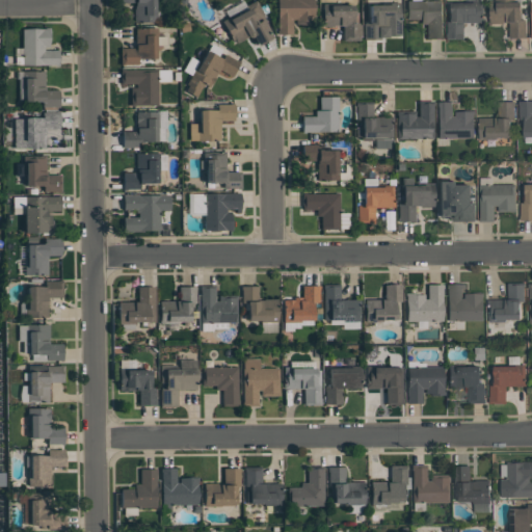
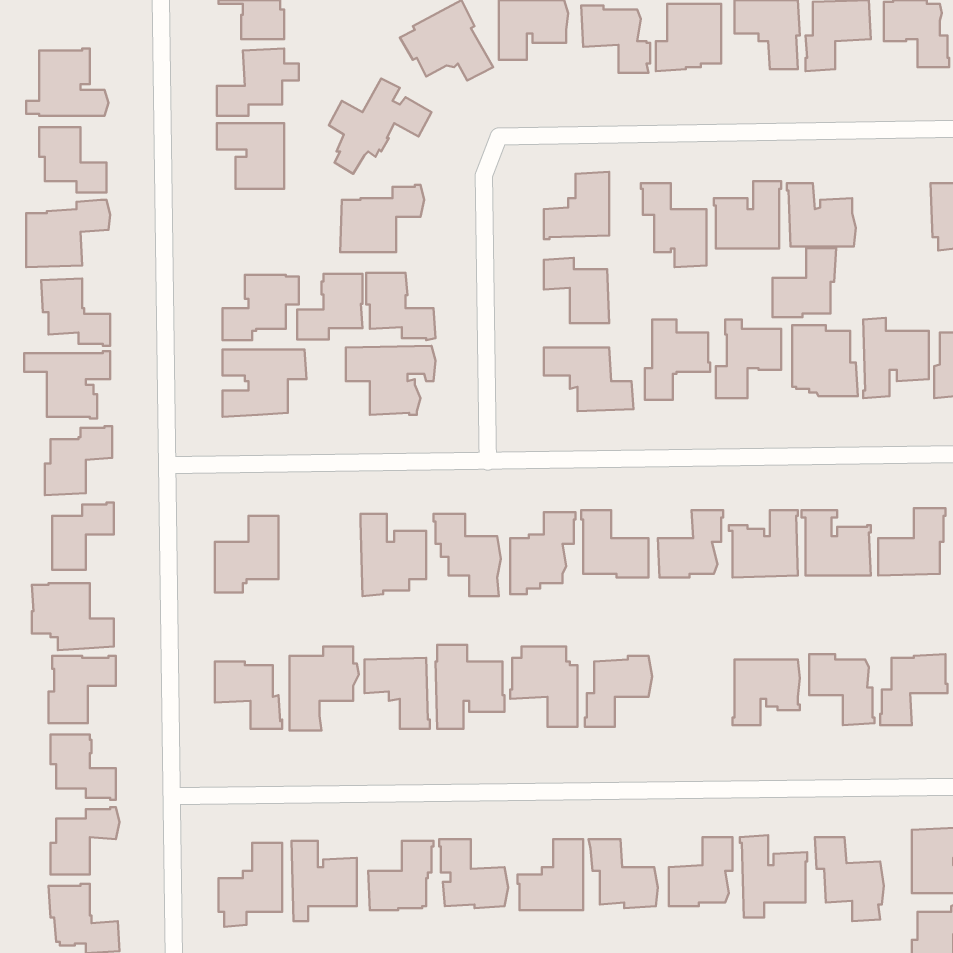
building: [481,102,516,140] -> [773,248,836,317]
building: [124,112,160,149] -> [297,274,363,339]
building: [161,287,197,330] -> none
building: [367,366,405,404] -> none

